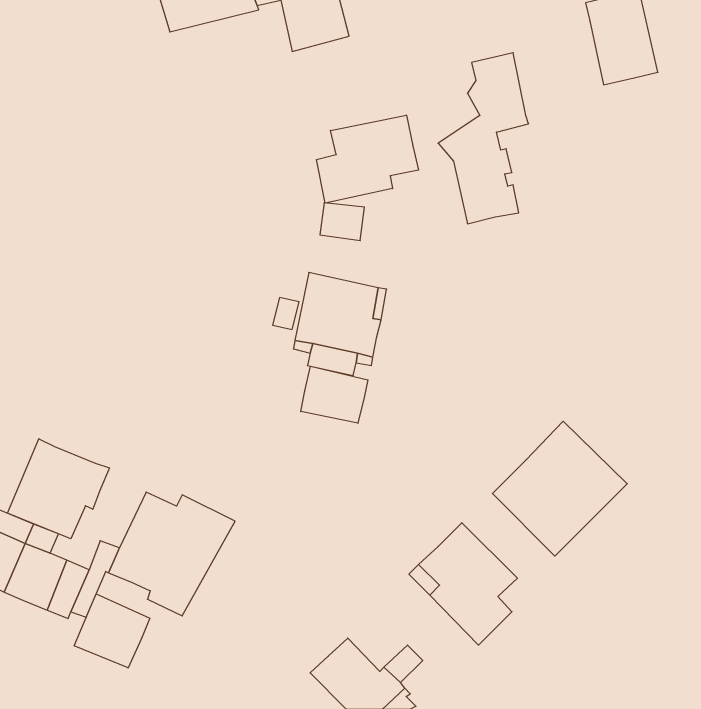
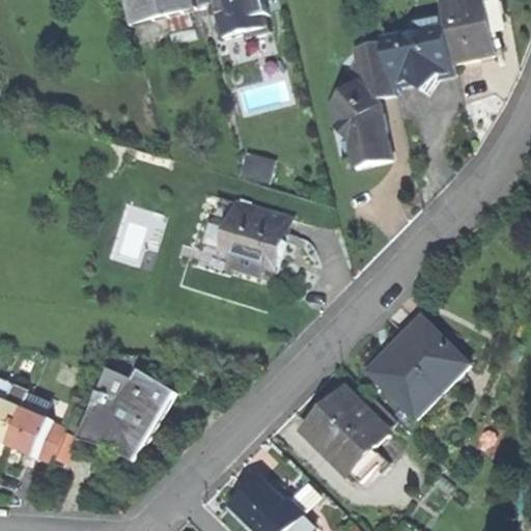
building: none -> [383,16,452,91]
building: [317,115,419,203] -> none
building: [301,366,368,423] -> none
building: [8,439,110,539] -> none
building: [74,594,150,668] -> none

